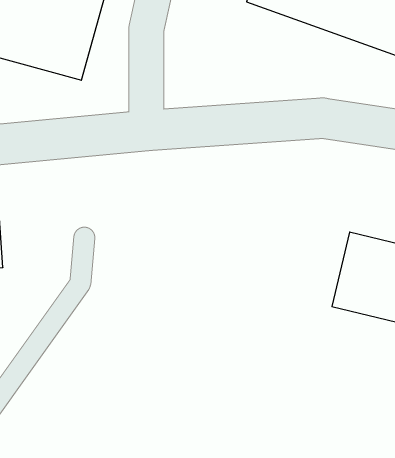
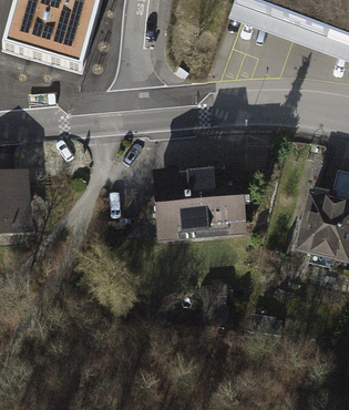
building: none -> [150,167,252,243]

